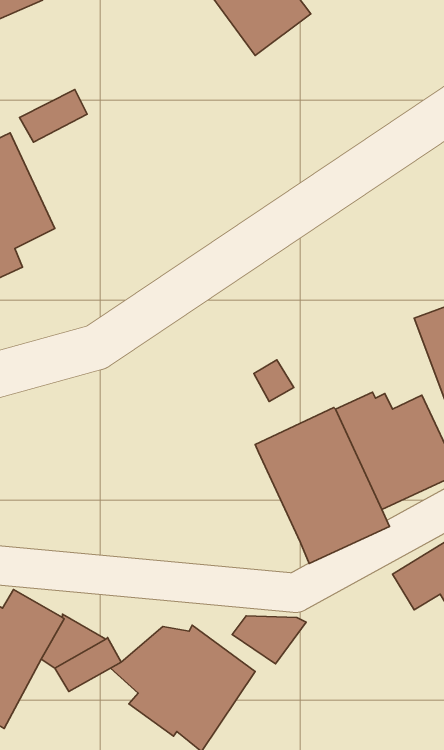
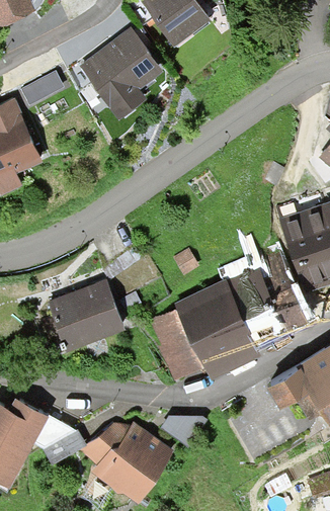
building: none -> [80,28,164,119]
building: none -> [47,280,126,351]
building: none -> [150,308,204,380]

